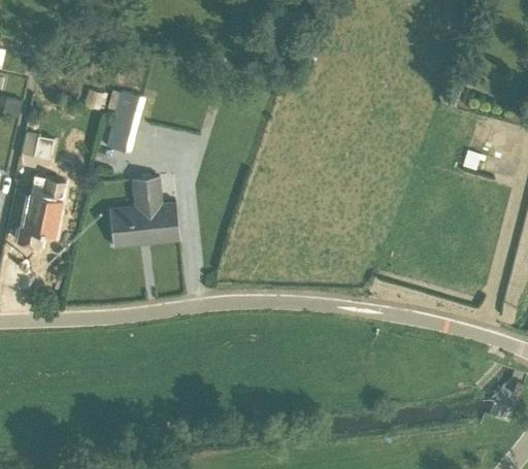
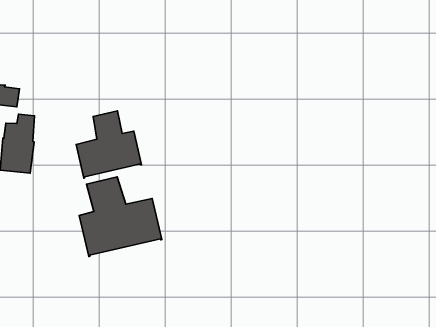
building: [105,93,150,154] -> none
building: none -> [79,177,162,257]

